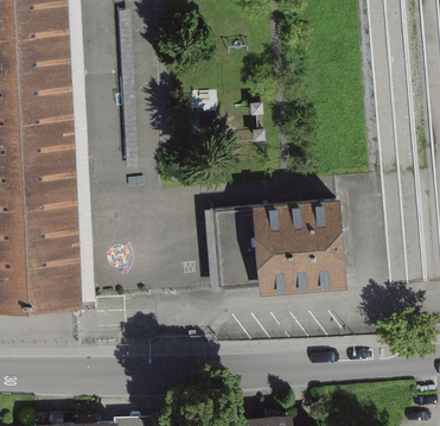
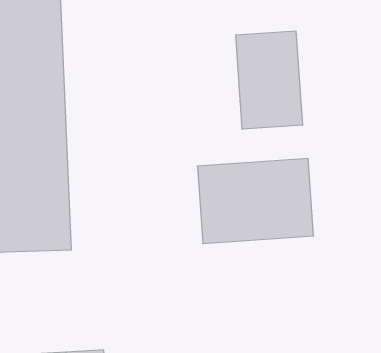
building: none -> [236,31,302,129]

